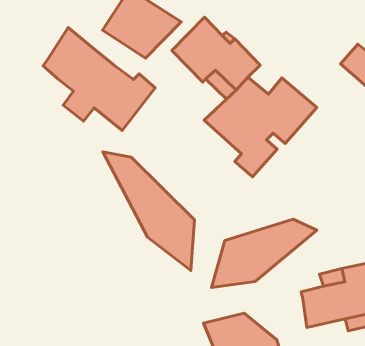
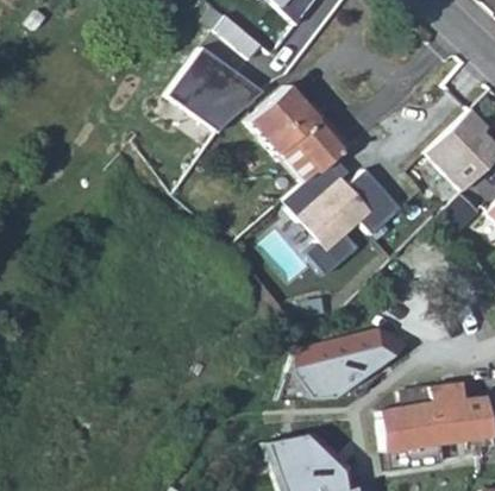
building: [43,28,155,130] -> none
building: [103,152,195,271] -> none

